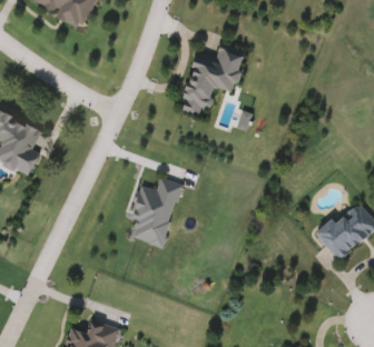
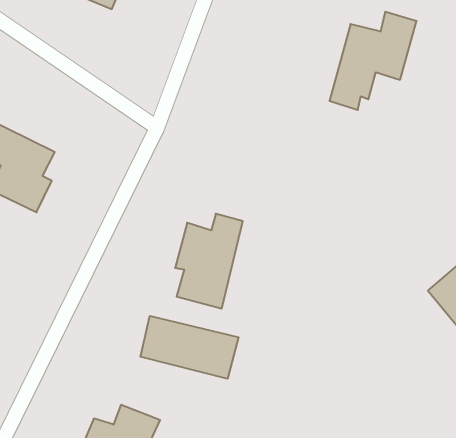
building: [179,43,244,116] -> [329,12,417,110]
building: none -> [140,316,239,379]

